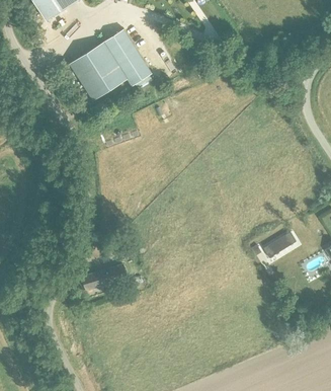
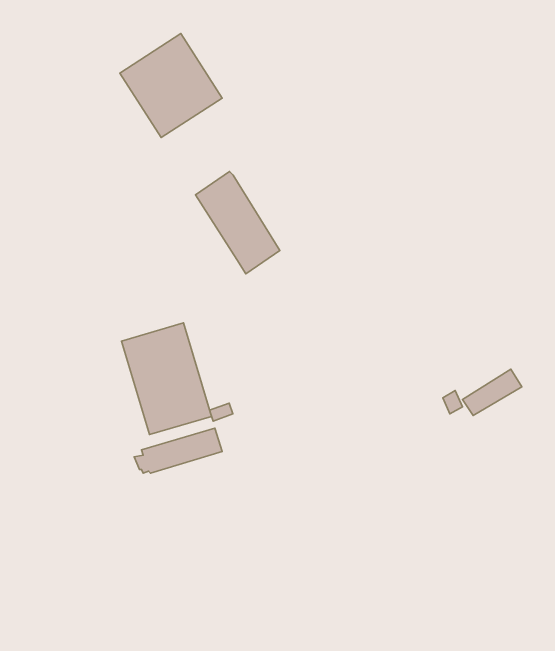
building: [104,28,152,86] -> [195,171,280,274]
building: none -> [121,323,211,435]

